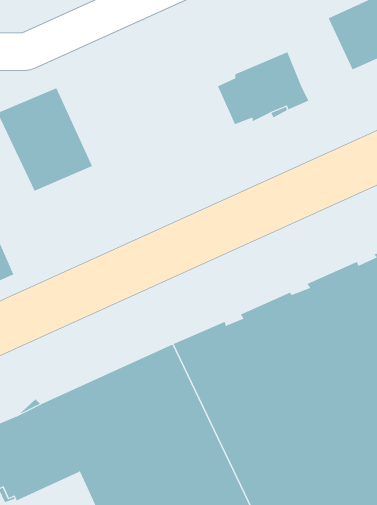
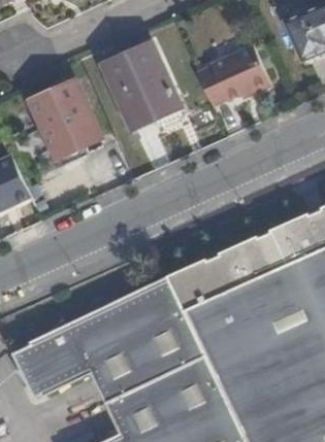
building: none -> [104,43,183,130]

